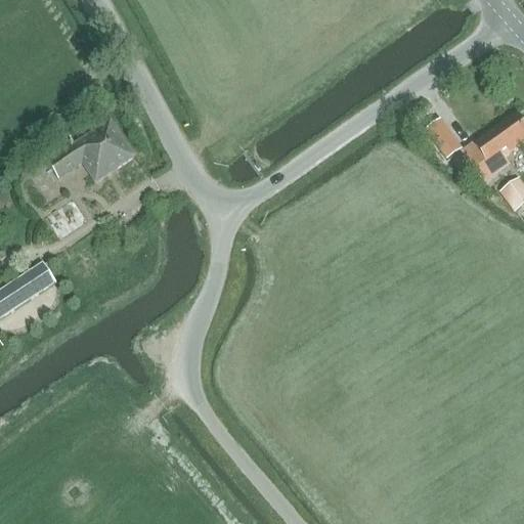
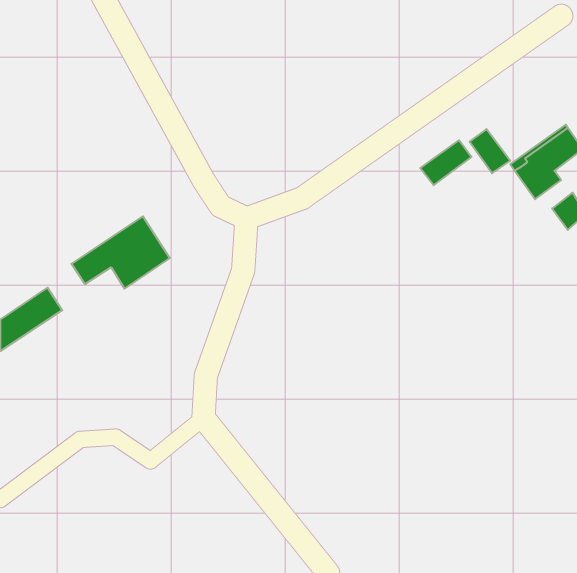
building: [46,117,135,182] -> [71,216,170,289]
building: none -> [420,140,471,185]

